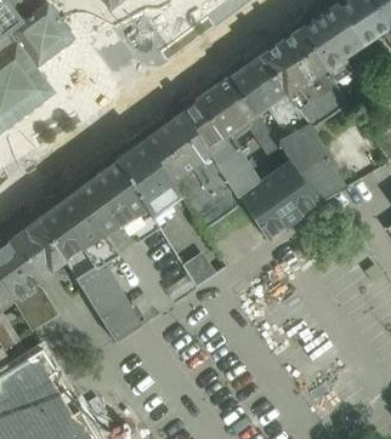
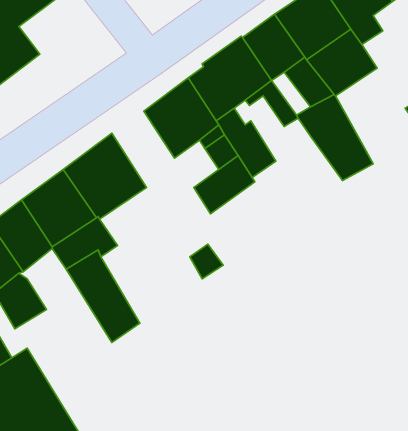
building: [117,142,180,217] -> none
building: [239,164,318,240] -> none

